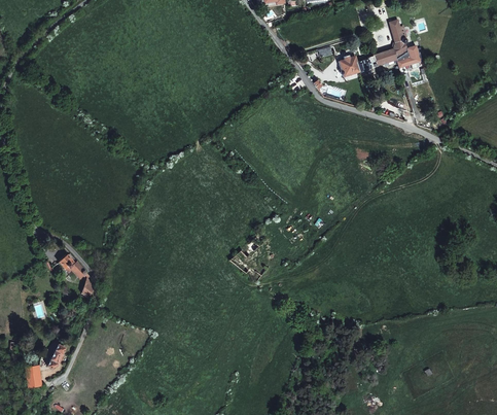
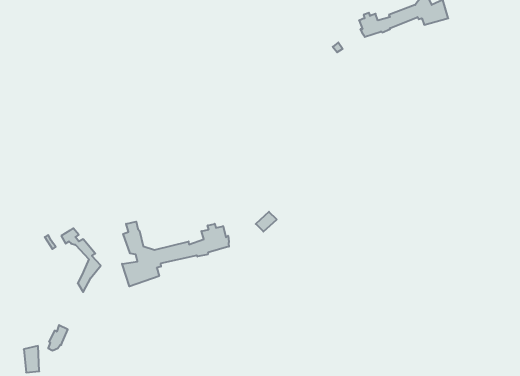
building: none -> [122,222,229,286]

